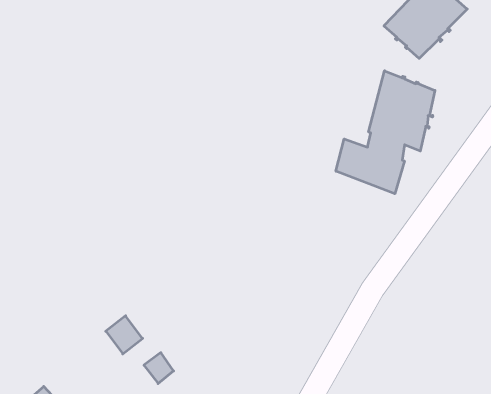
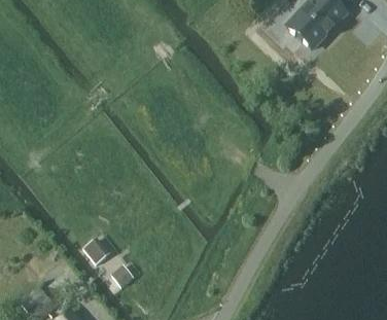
building: [336,71,435,194] -> none

